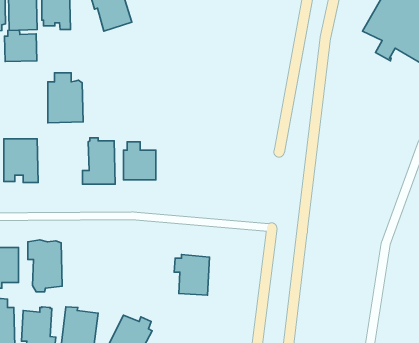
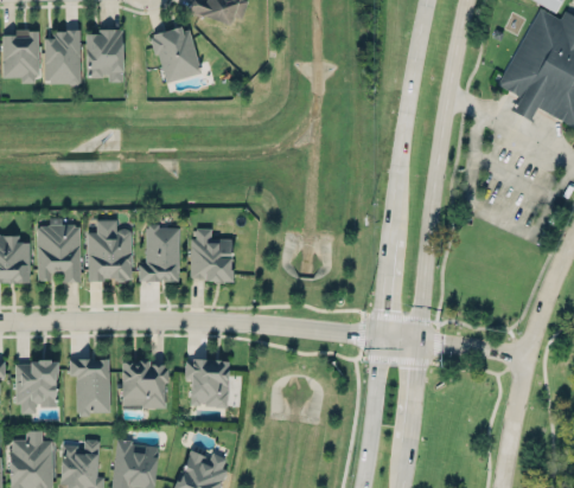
building: [4,30,37,62] -> none
building: [48,73,83,123] -> [88,216,133,280]
building: none -> [122,361,166,406]
building: [174,254,209,295] -> [185,353,230,405]

